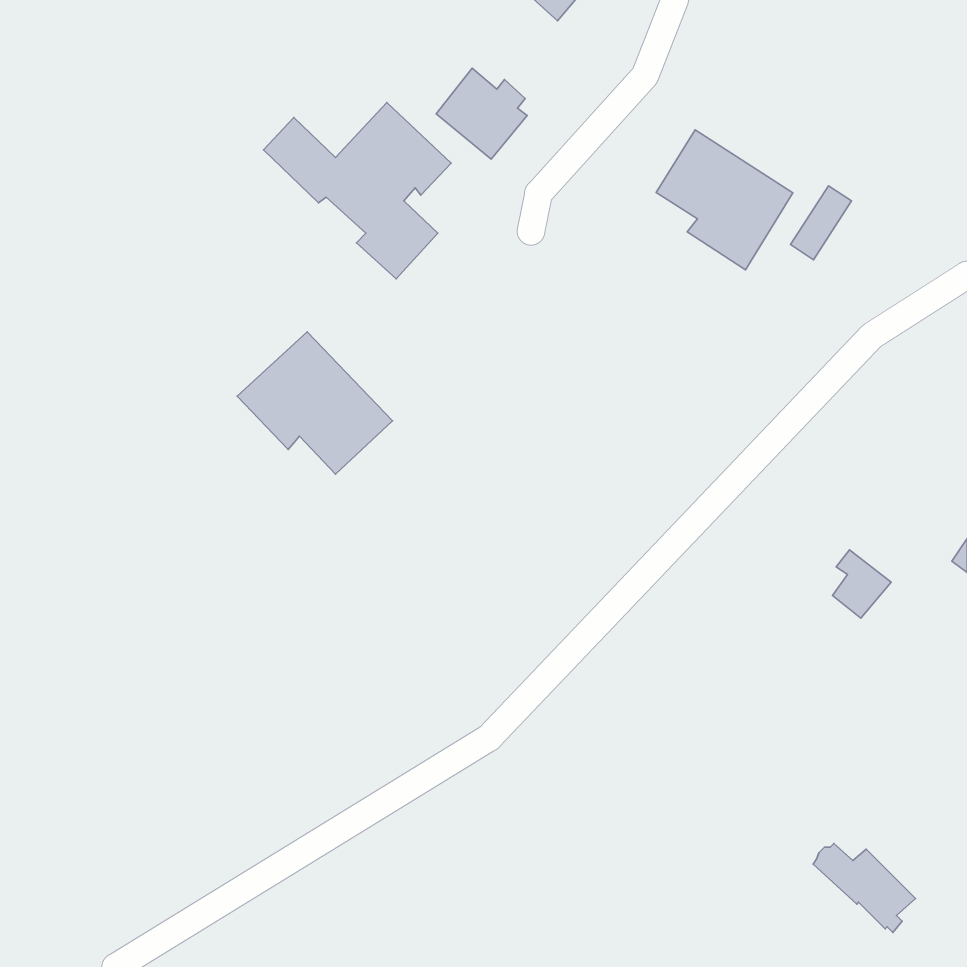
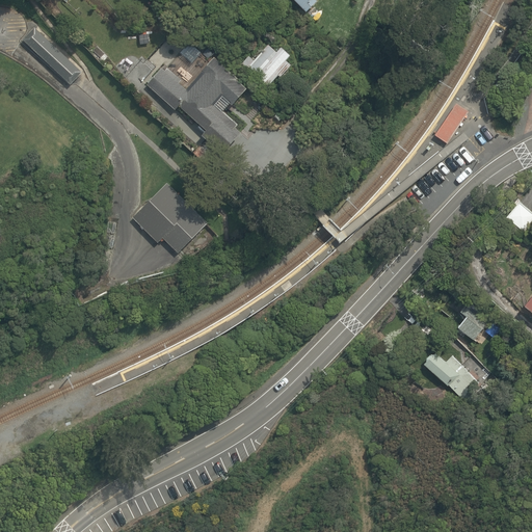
building: none -> [21,24,82,83]
building: [656,130,793,270] -> none
building: [813,843,915,932] -> [422,351,478,400]

